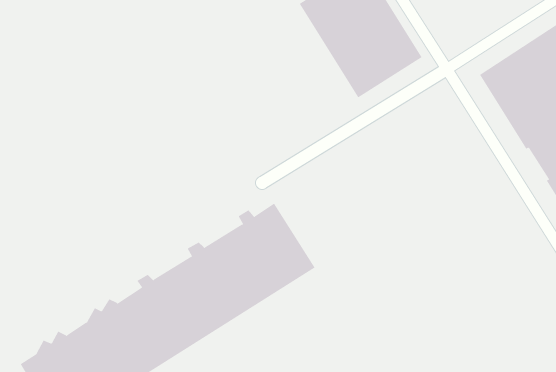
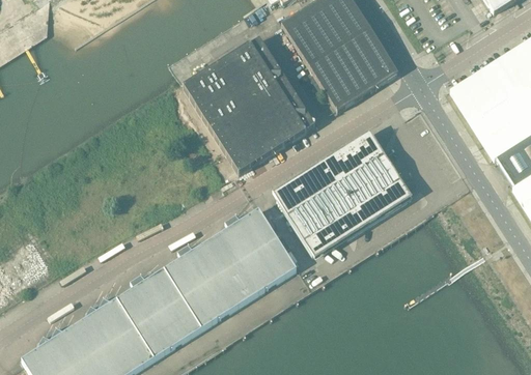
building: none -> [184,37,315,173]
building: none -> [273,131,412,258]

